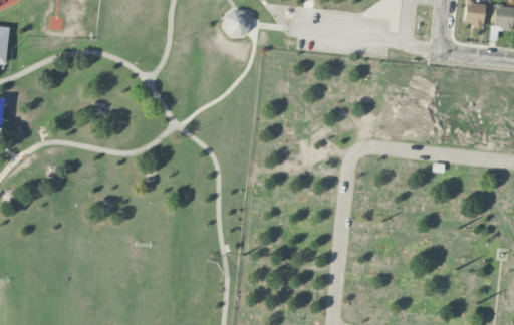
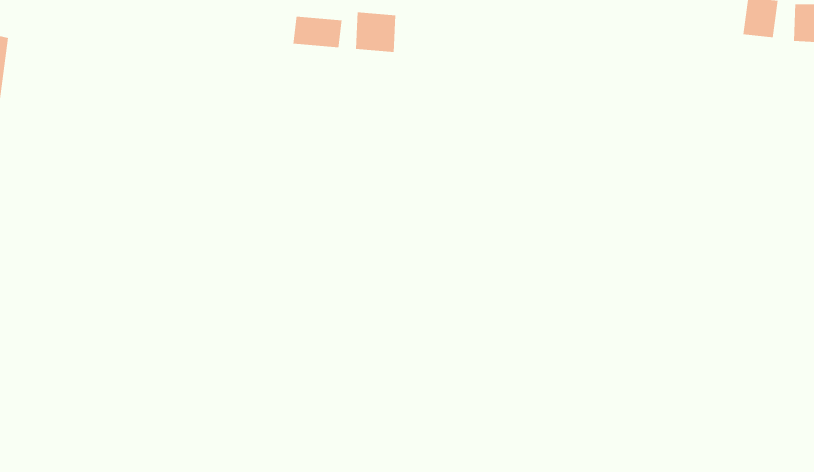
building: none -> [293,16,342,48]

